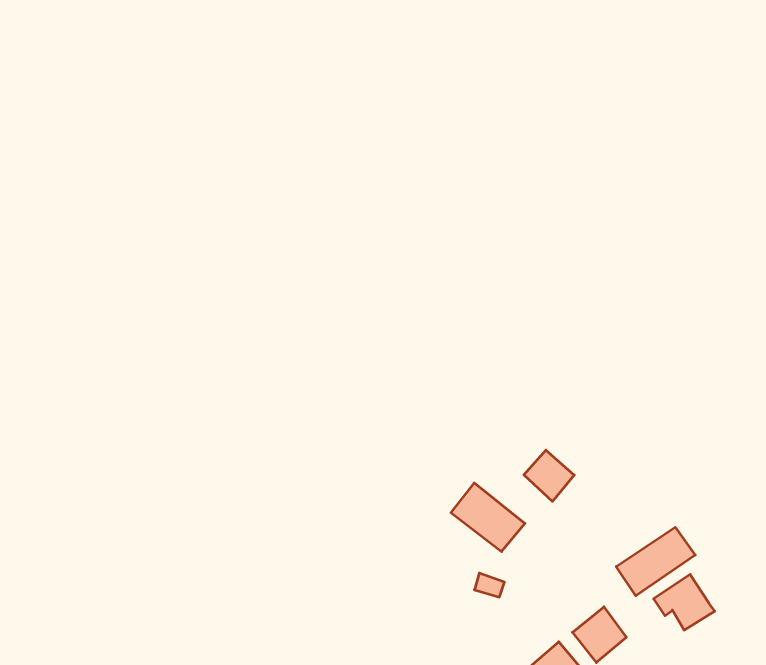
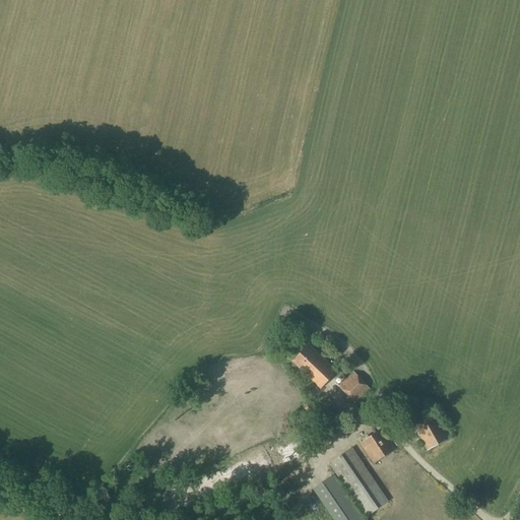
building: [524,450,574,501] -> [338,371,370,403]
building: [616,527,695,596] -> none

